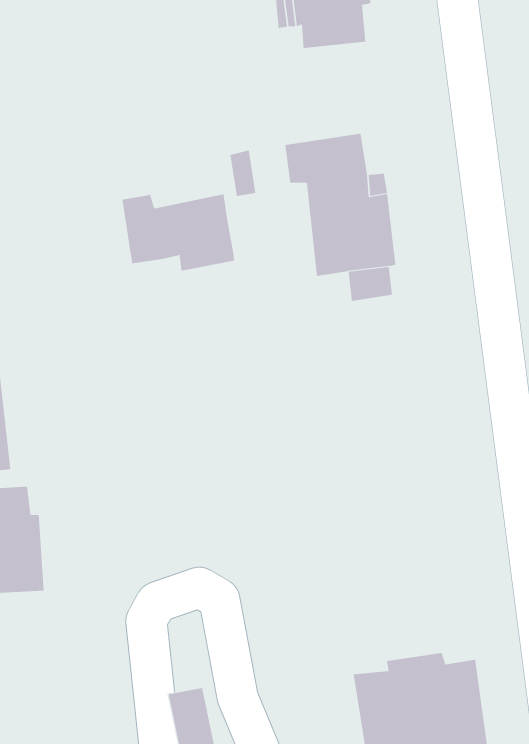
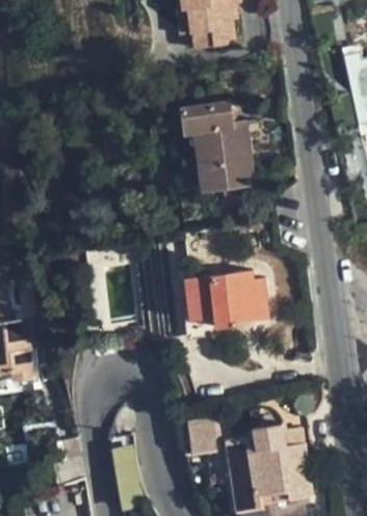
building: [122,194,235,271] -> none
building: none -> [180,270,270,332]
building: none -> [181,417,225,456]

